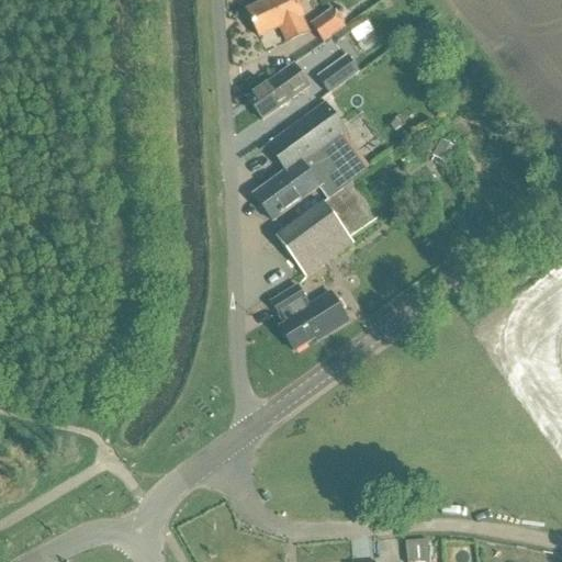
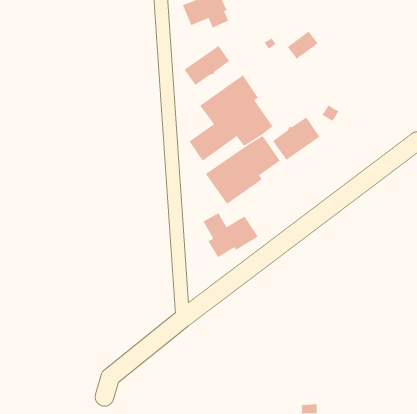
building: [310,7,346,42] -> none
building: [316,54,359,93] -> [287,30,319,60]
building: none -> [272,117,321,161]

